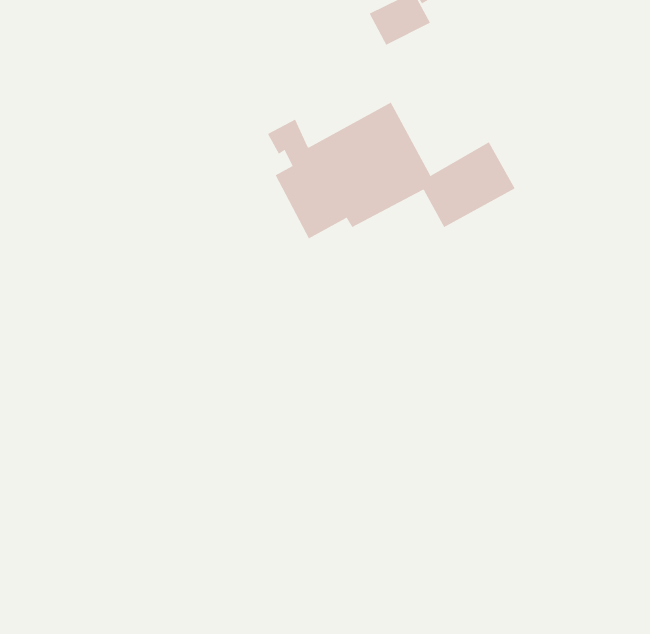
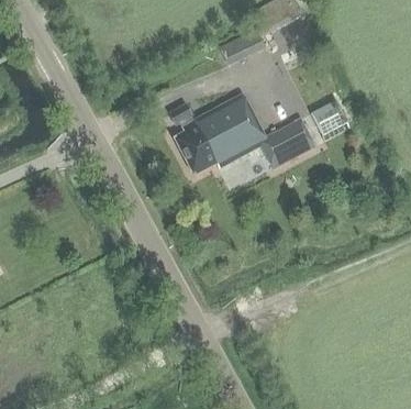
building: none -> [310,99,349,140]

